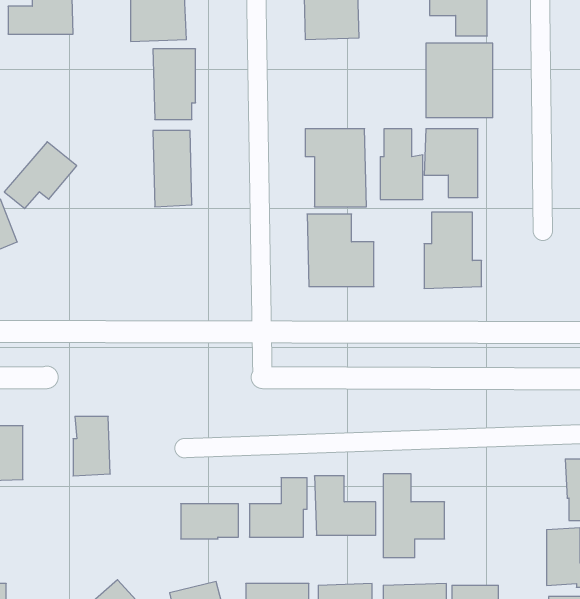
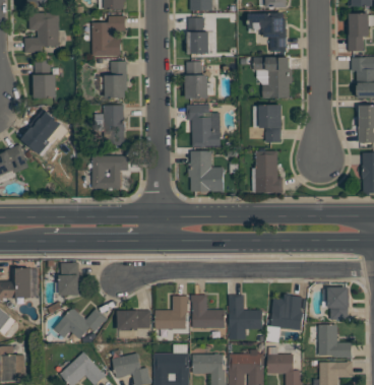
building: none -> [33,76,56,100]
building: [380,129,423,199] -> [184,61,207,100]
building: none -> [90,156,128,189]
building: none -> [270,293,303,330]
building: none -> [53,307,107,338]

